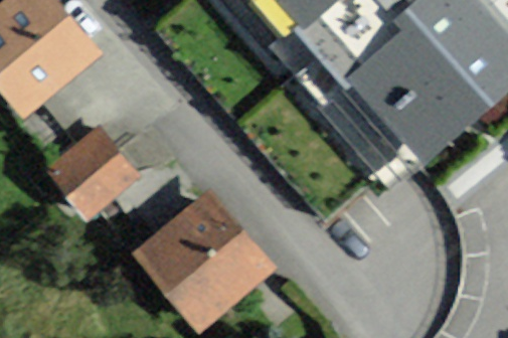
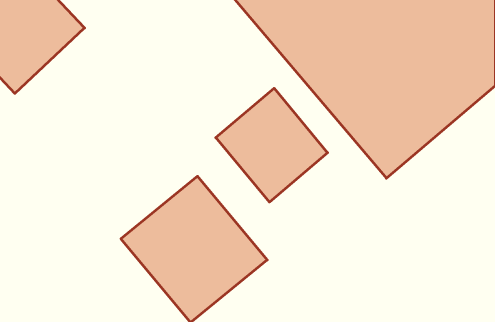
building: none -> [216,88,328,202]
building: [46,125,139,217] -> none

